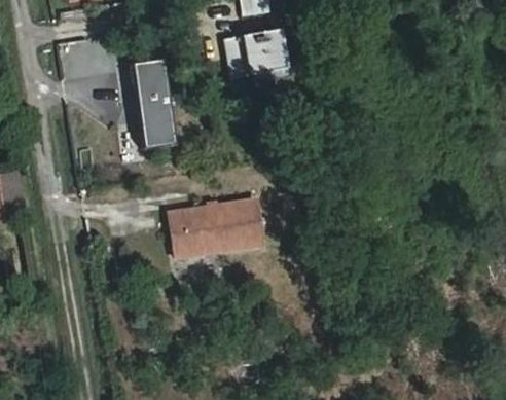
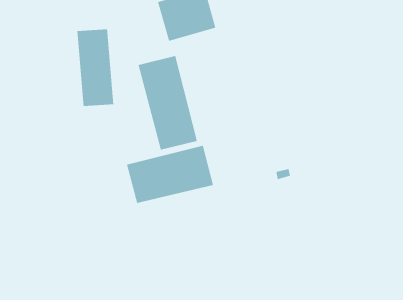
building: none -> [138,55,197,150]

